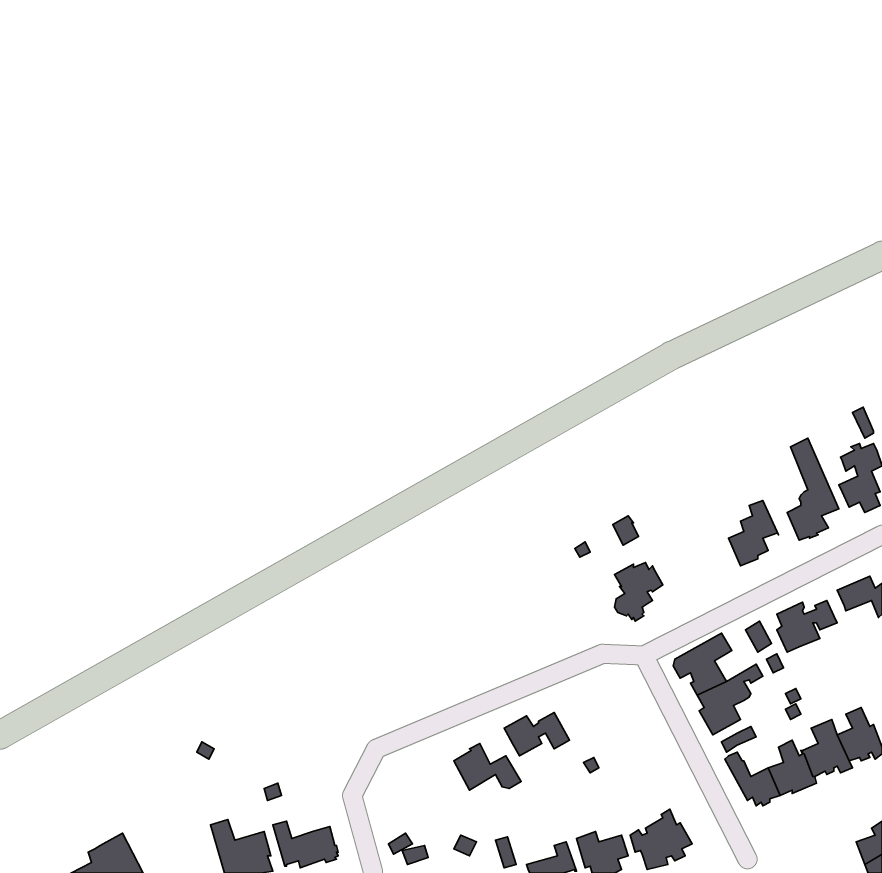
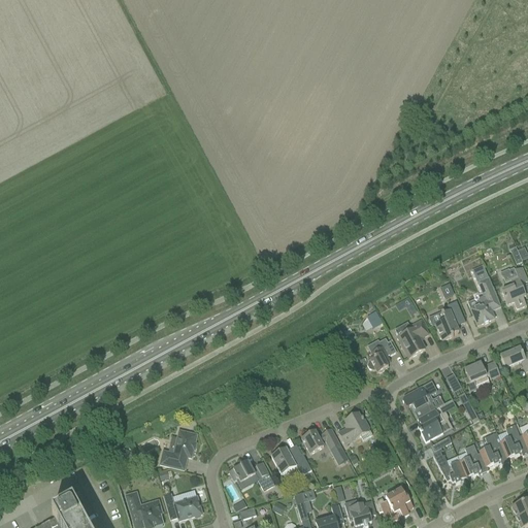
building: none -> [397,317,429,356]
building: none -> [338,410,370,442]
building: none -> [160,428,197,468]
building: none -> [229,460,274,489]

